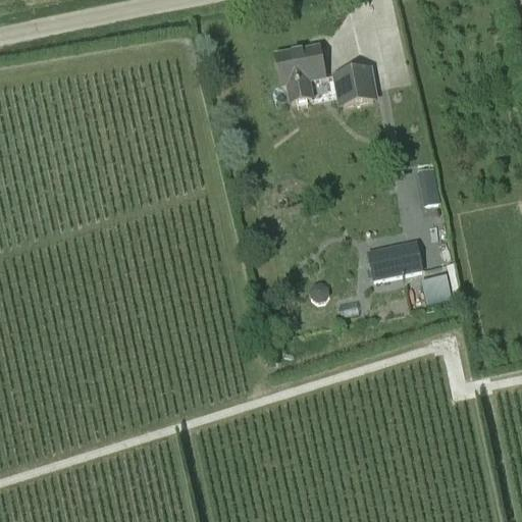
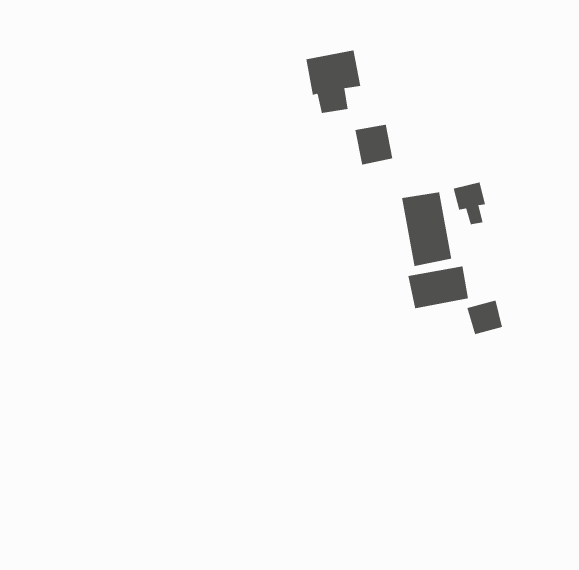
building: [340,67,374,104] -> [355,124,393,165]
building: none -> [401,191,452,267]

